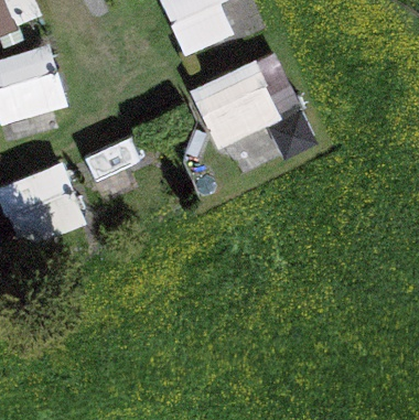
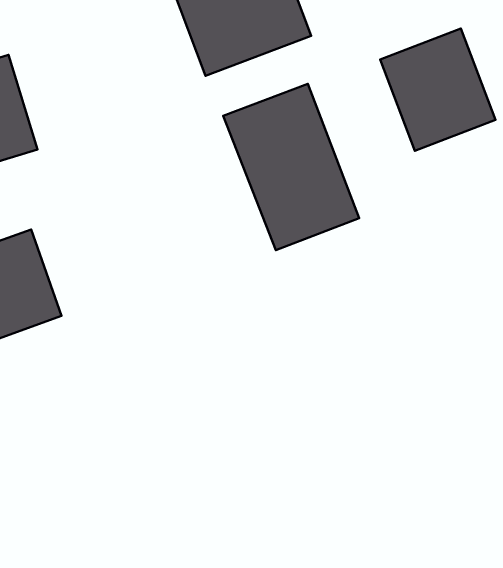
building: none -> [380,28,496,151]

